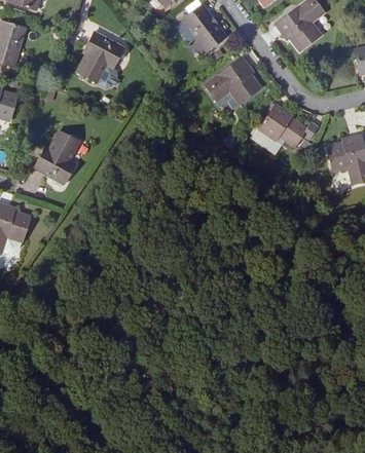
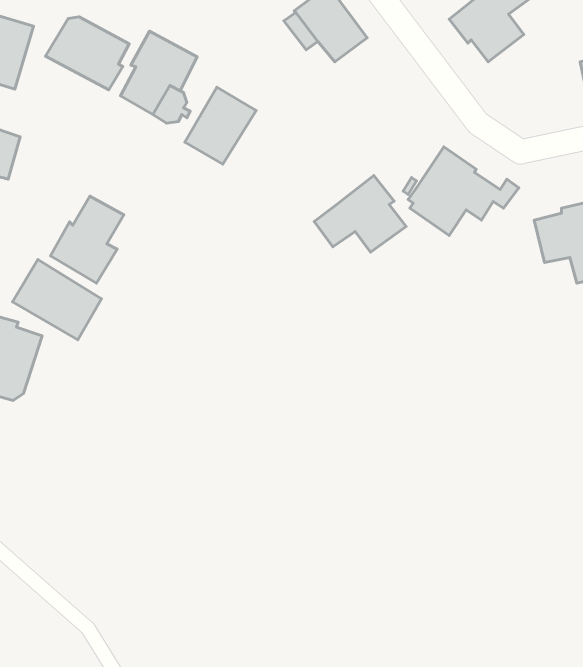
building: none -> [46,17,129,90]
building: [206,56,261,103] -> [314,175,406,252]
building: none -> [185,87,256,164]
building: none -> [13,259,101,340]

